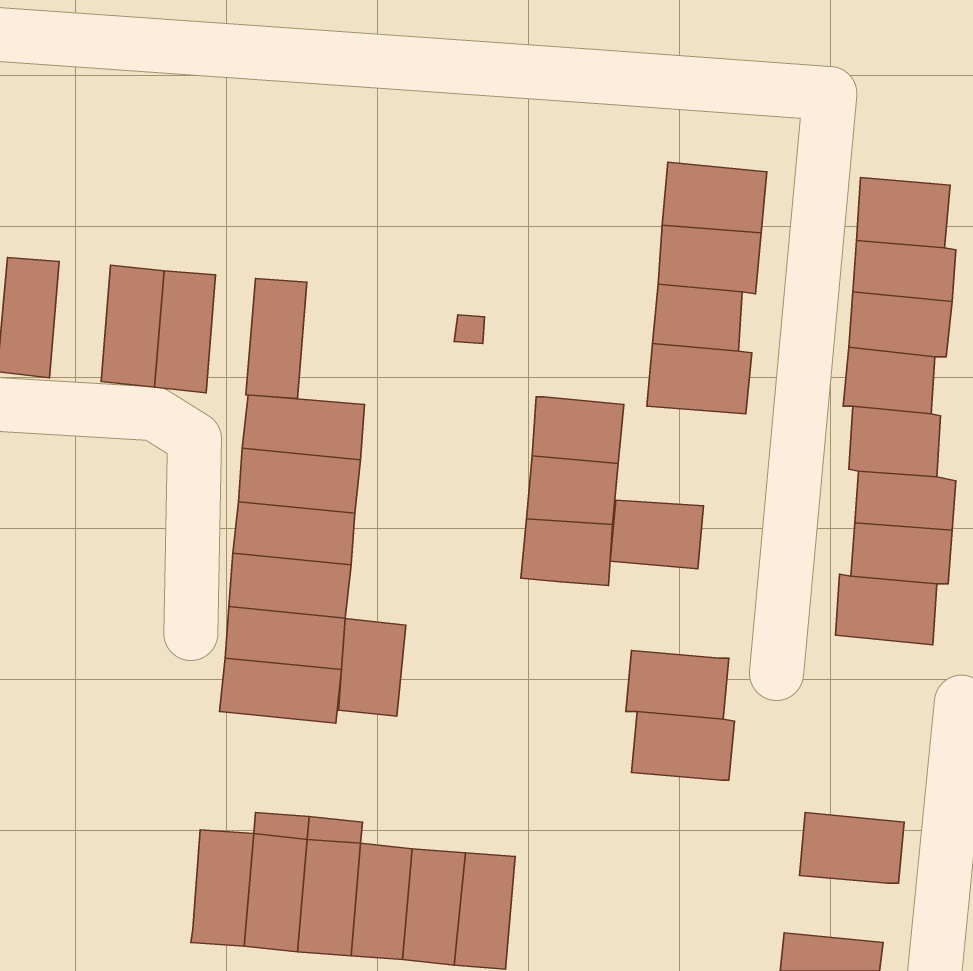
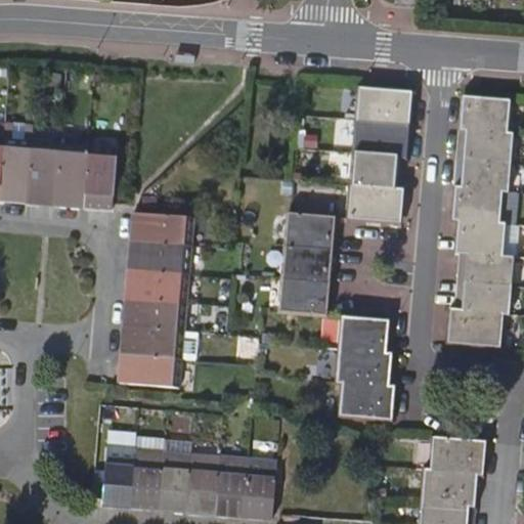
building: [246,278,307,399] -> [27,140,59,205]
building: [610,500,704,569] -> [339,316,389,353]
building: [339,619,406,716] -> none
building: none -> [421,470,476,506]

